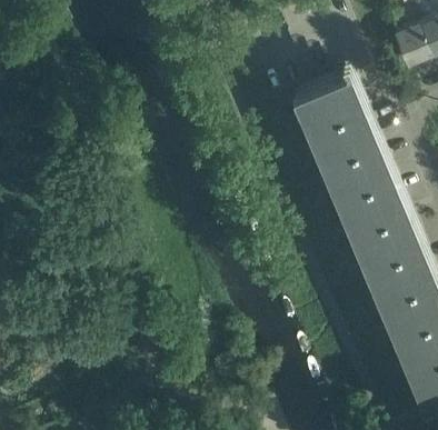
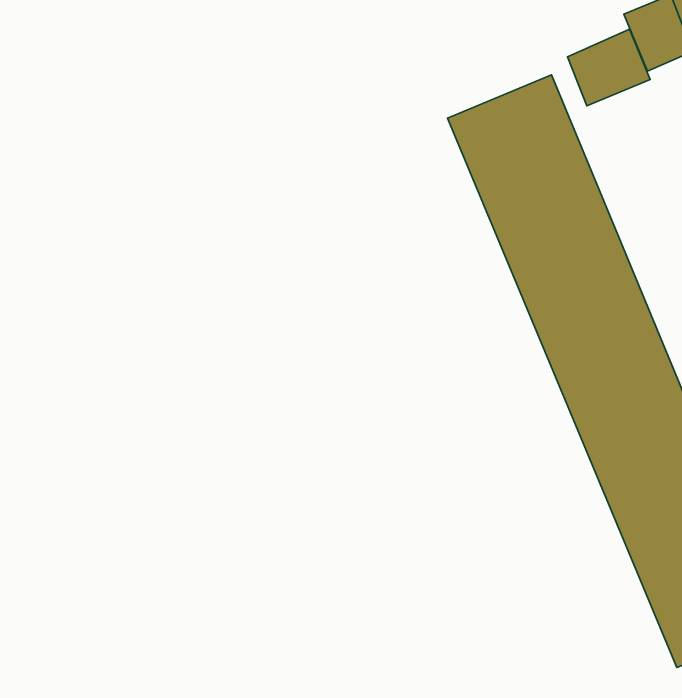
building: none -> [568,29,650,106]

